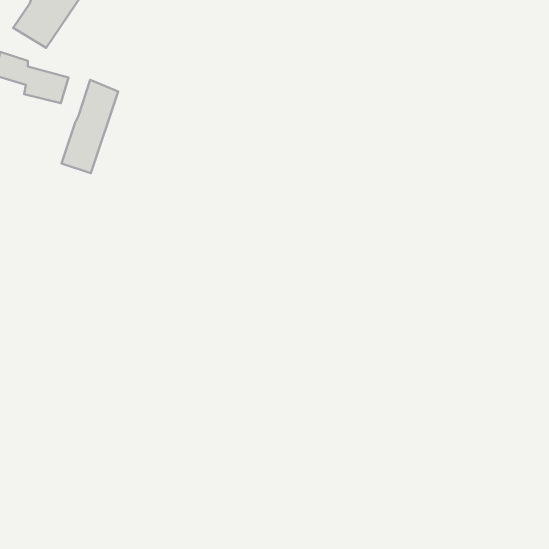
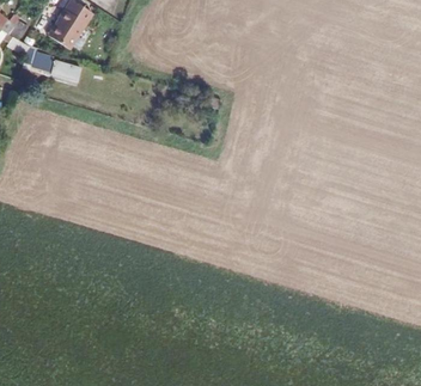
building: [61,80,118,173] -> none

